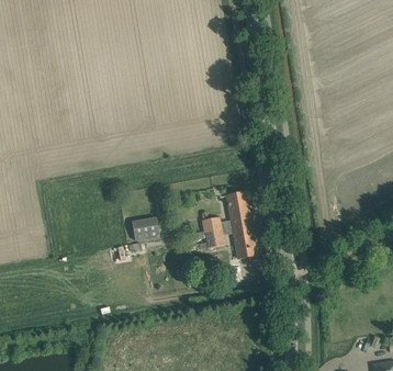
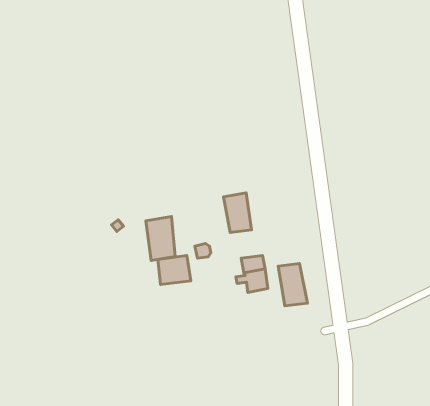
building: none -> [146,216,175,261]
building: [226,191,249,224] -> [224,193,251,233]

